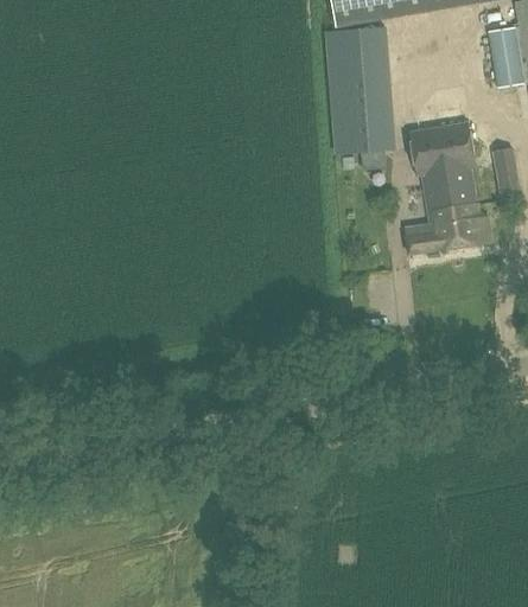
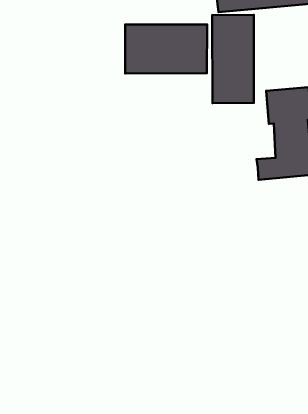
building: none -> [125,24,207,74]

